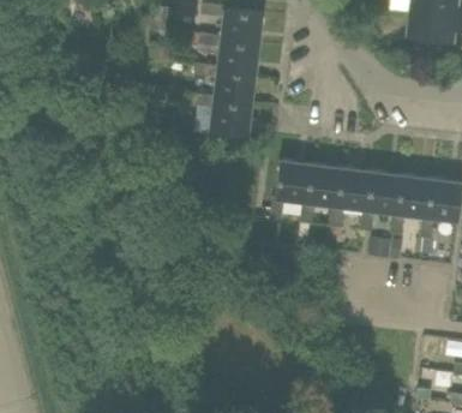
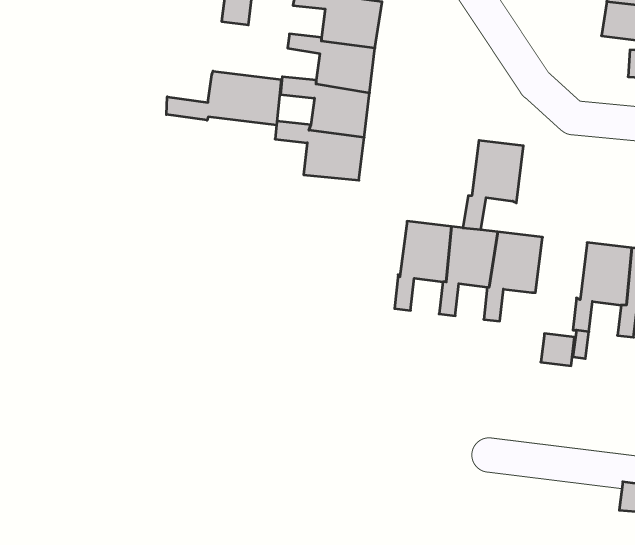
building: none -> [166,71,281,125]
building: [359,170,400,231] -> [463,140,523,230]

